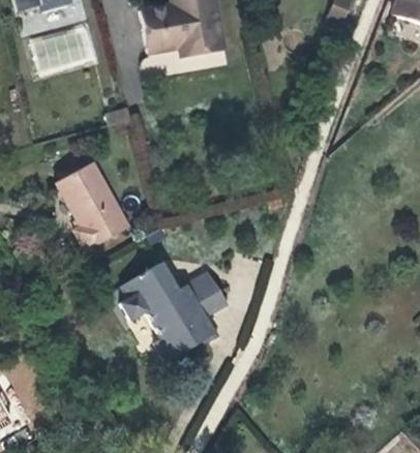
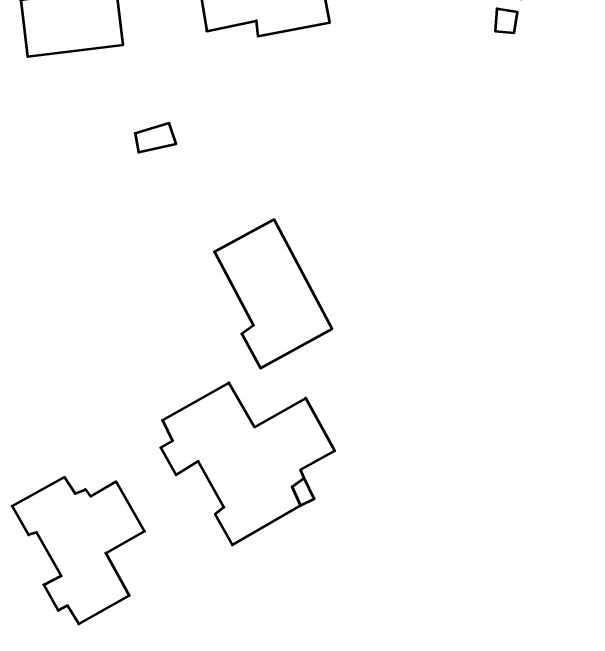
building: [59,162,130,252] -> [214,220,332,368]
building: none -> [12,477,145,624]

